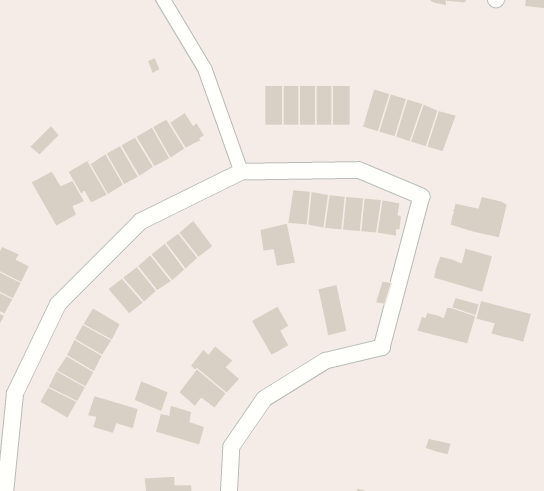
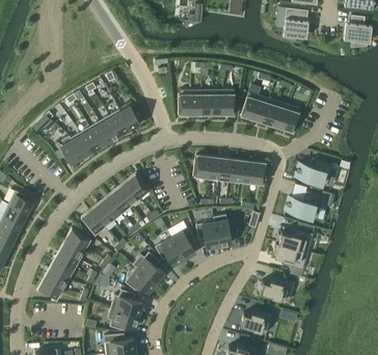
building: [31,171,85,226] -> none
building: [260,223,296,266] -> [196,222,219,249]
building: [476,300,532,344] -> [272,244,307,271]
building: none -> [156,238,184,266]
building: none -> [259,277,294,302]
building: [87,396,138,434] -> [107,307,139,331]
building: none -> [240,309,273,333]

